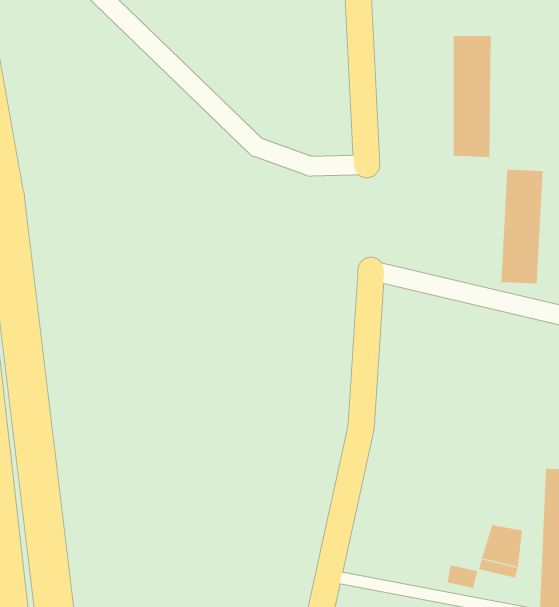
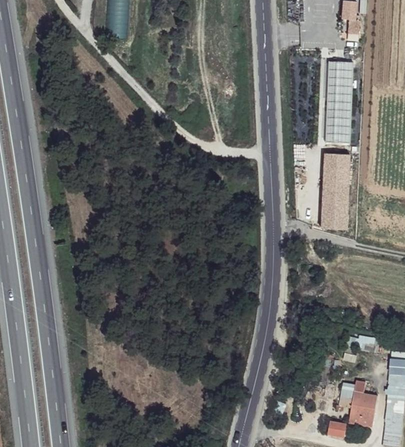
building: [500,169,544,284] -> [322,153,351,230]

